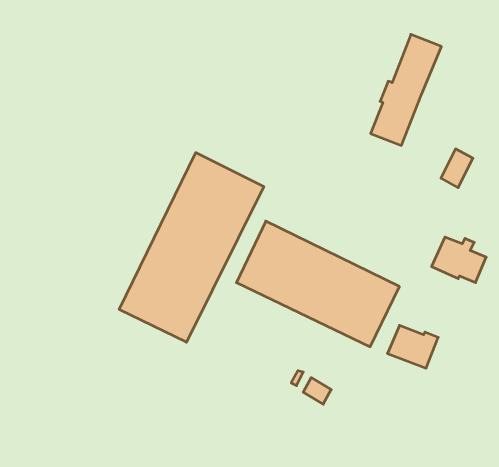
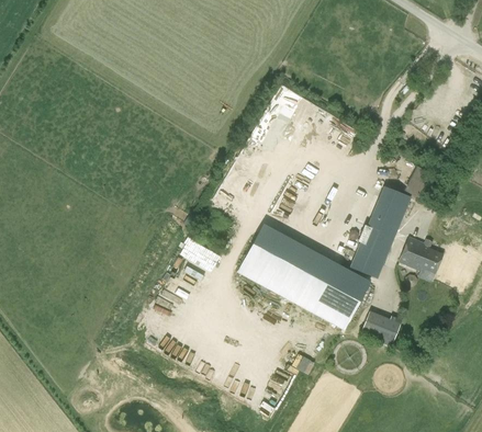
building: [371,34,441,145] -> [351,187,410,278]
building: [119,153,264,342] -> none

